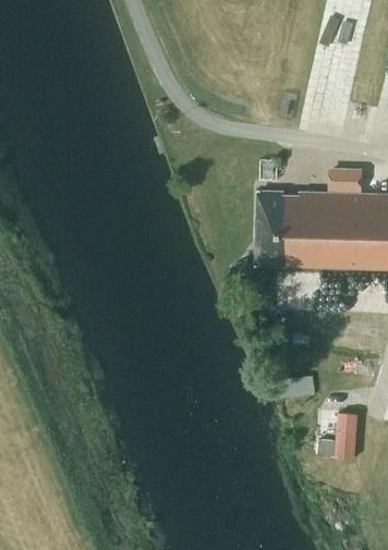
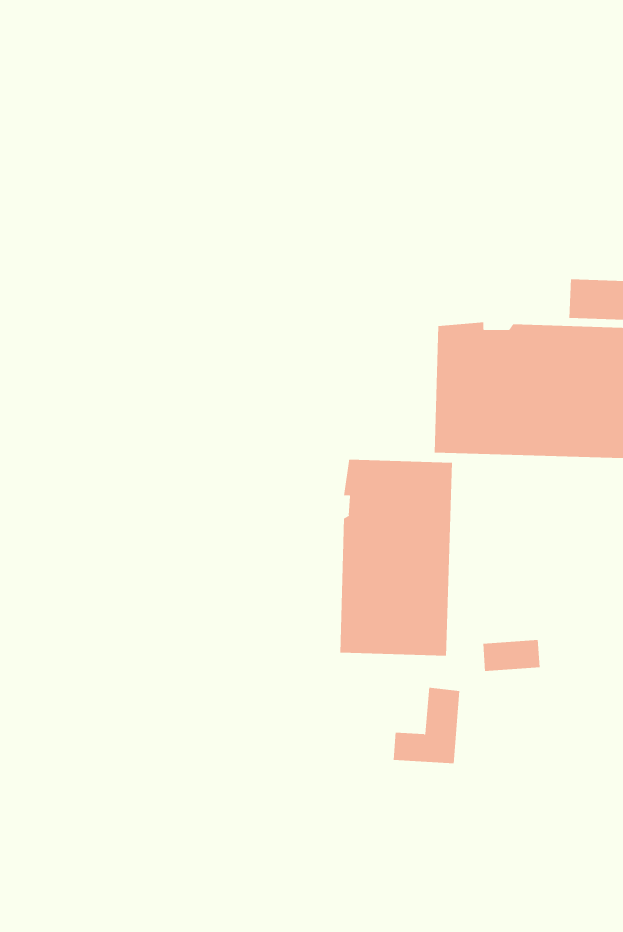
building: none -> [340,459,452,657]
building: [319,412,359,456] -> [393,687,460,764]

